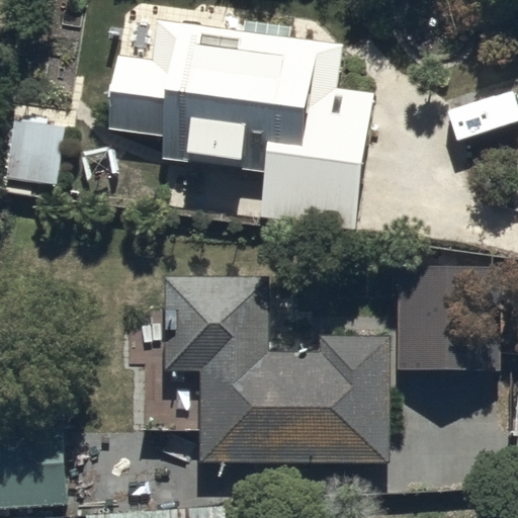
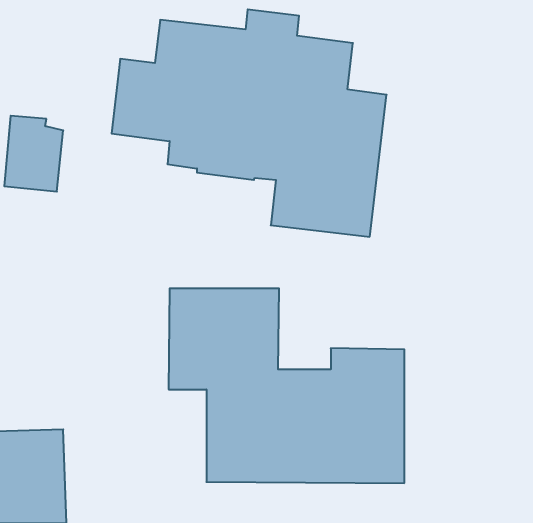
building: [396,267,500,377] -> none

